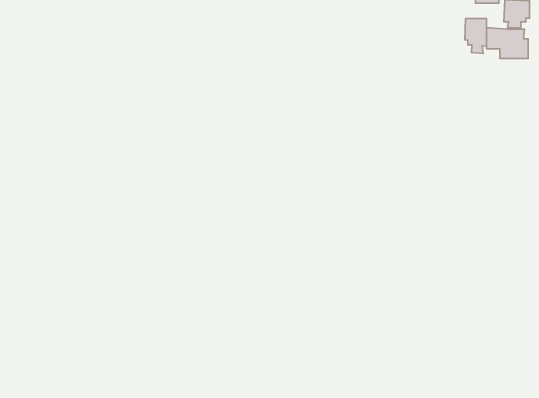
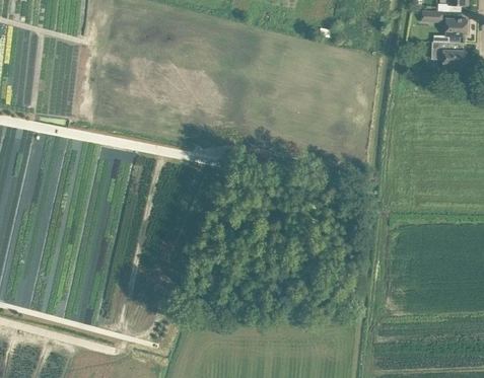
building: [465,19,486,53] -> none

